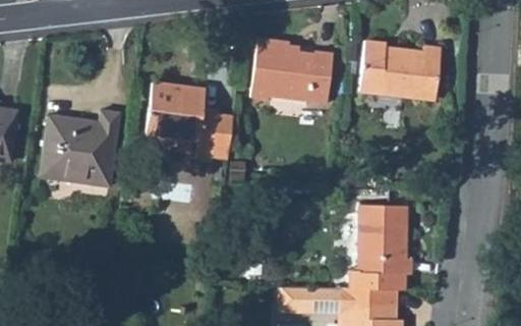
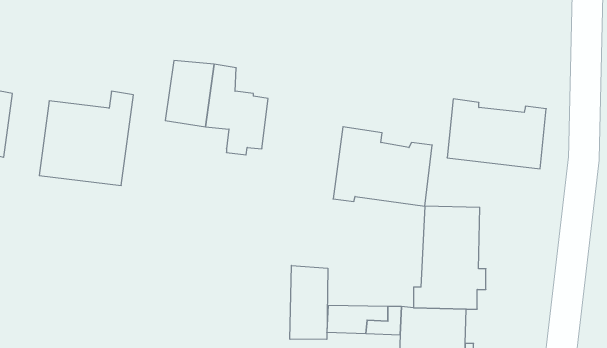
building: [251,37,334,103] -> [333,127,432,206]
building: [359,41,442,99] -> [447,99,546,169]
building: none -> [290,265,328,339]

